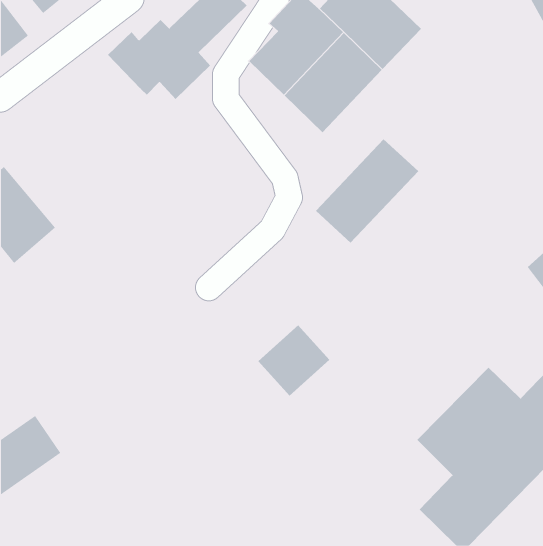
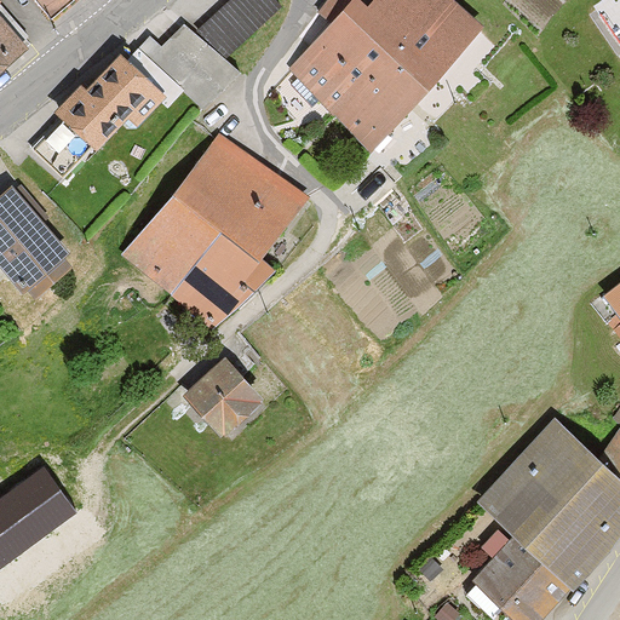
building: none -> [30,54,163,183]
building: none -> [122,134,310,325]
building: [315,138,419,243] -> none
building: [257,325,330,396] -> [177,360,259,441]

